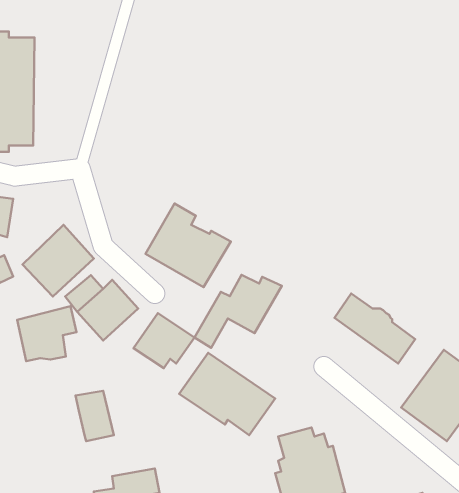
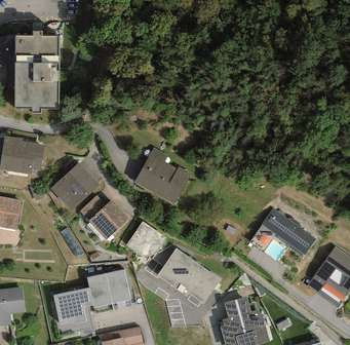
building: [194,275,282,348] -> none
building: [17,306,77,361] -> [52,286,92,323]
building: none -> [105,269,130,303]

